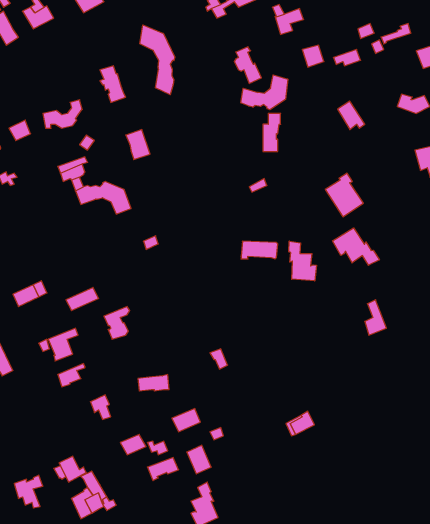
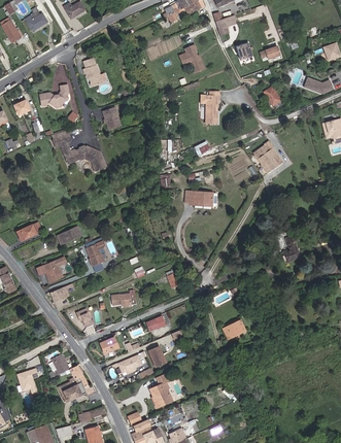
building: [140,25,175,95] -> none
building: [241,75,288,110] -> none
building: [333,228,379,265] -> none
building: [289,241,316,281] -> none

